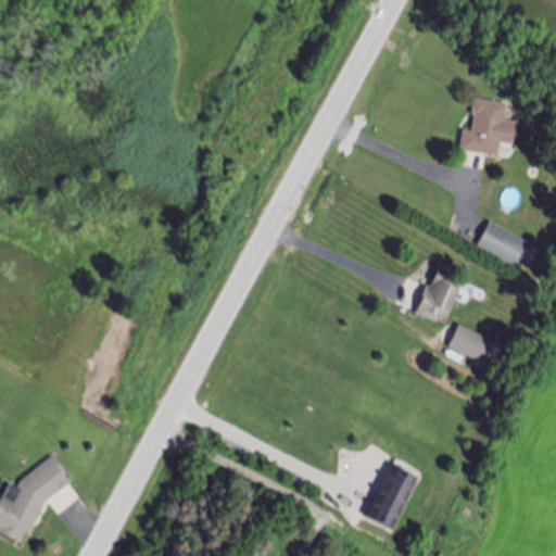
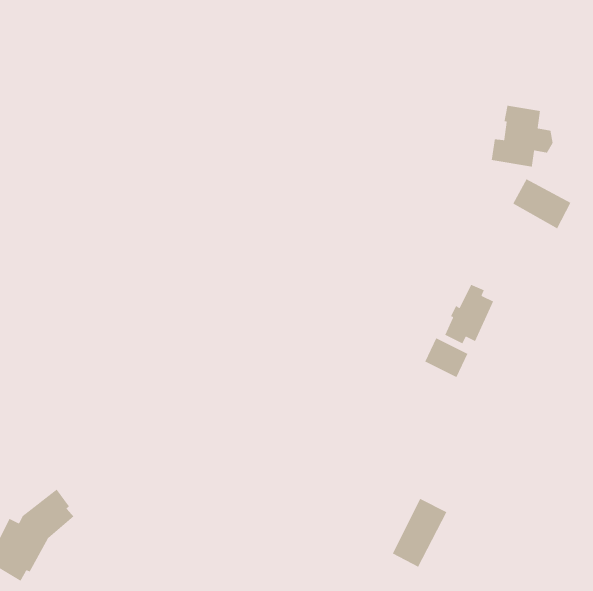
building: [477,220,532,268] -> [512,178,571,229]
building: [448,324,490,362] -> [424,337,468,378]

